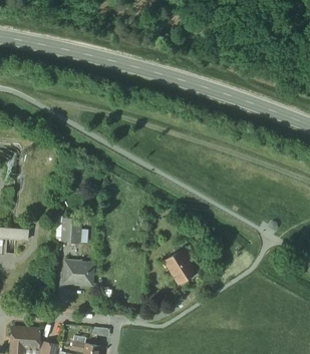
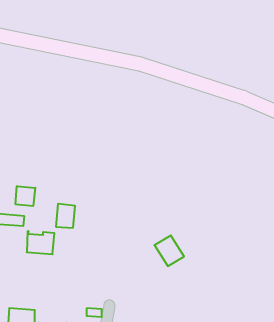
building: none -> [16,186,35,206]
building: [64,261,93,285] -> [27,231,54,254]

